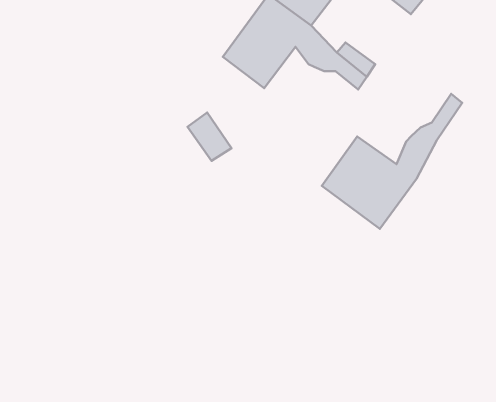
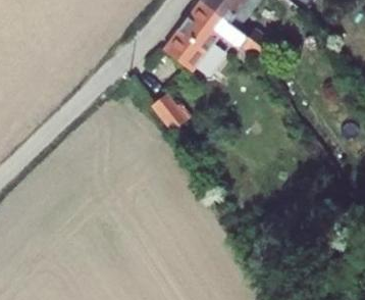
building: [322,94,462,229] -> none

